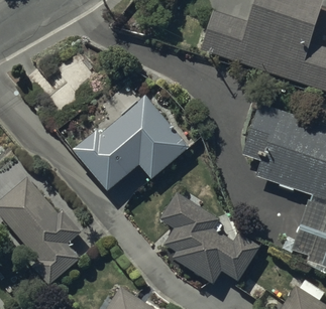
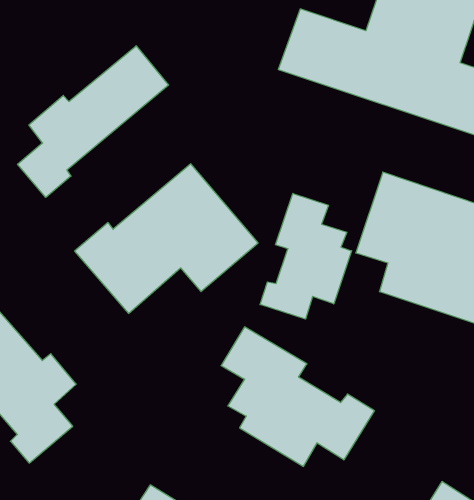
building: none -> [18,46,168,197]
building: none -> [260,193,352,319]

